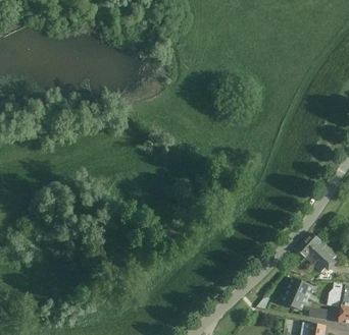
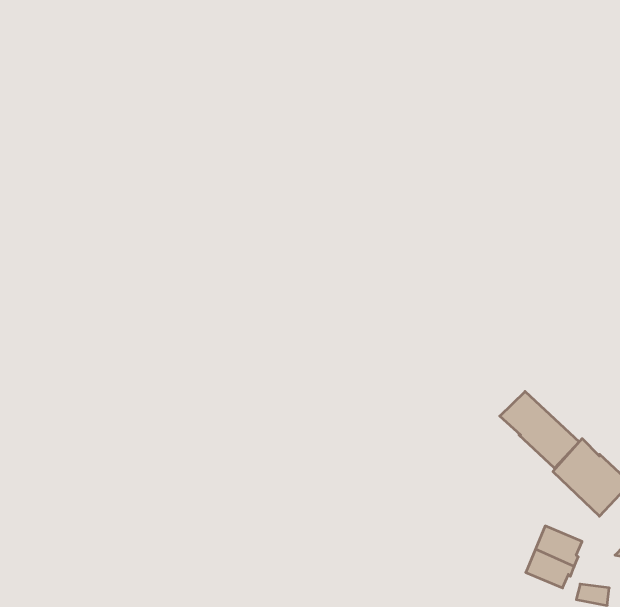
building: none -> [500,391,579,468]

